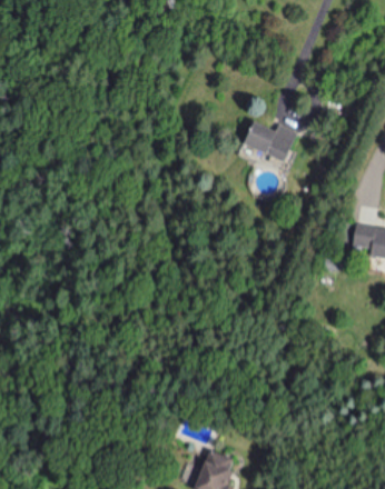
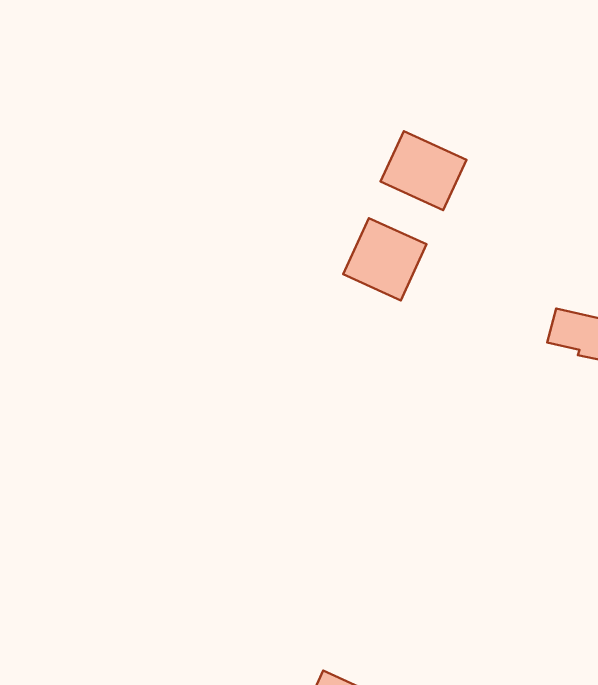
building: none -> [343,218,427,300]

